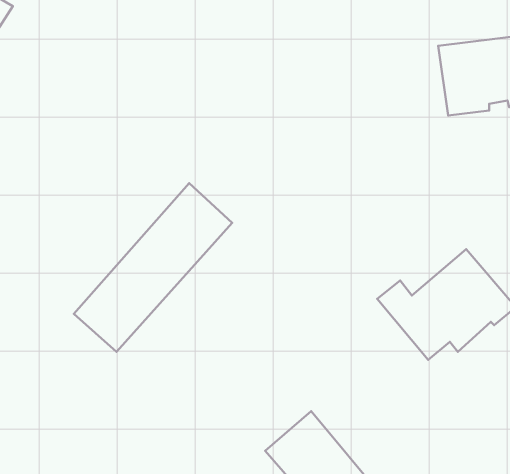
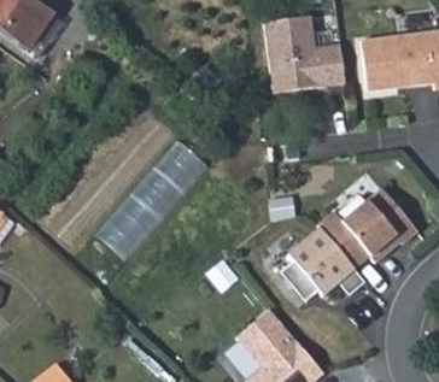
building: none -> [265,14,346,92]
building: none -> [280,228,365,301]

